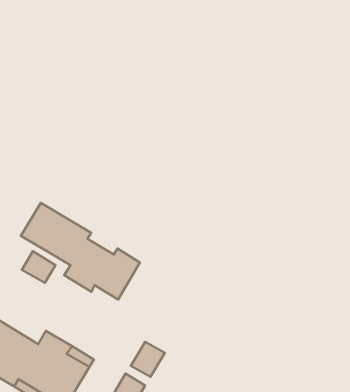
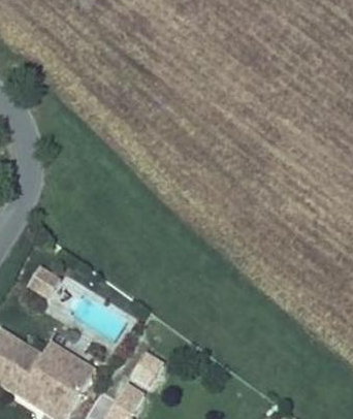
building: [21,203,140,300] -> none

